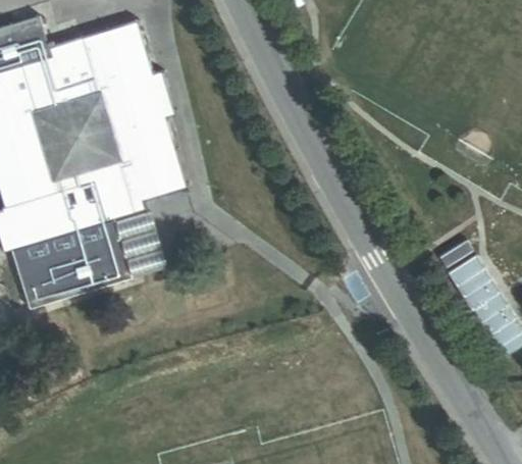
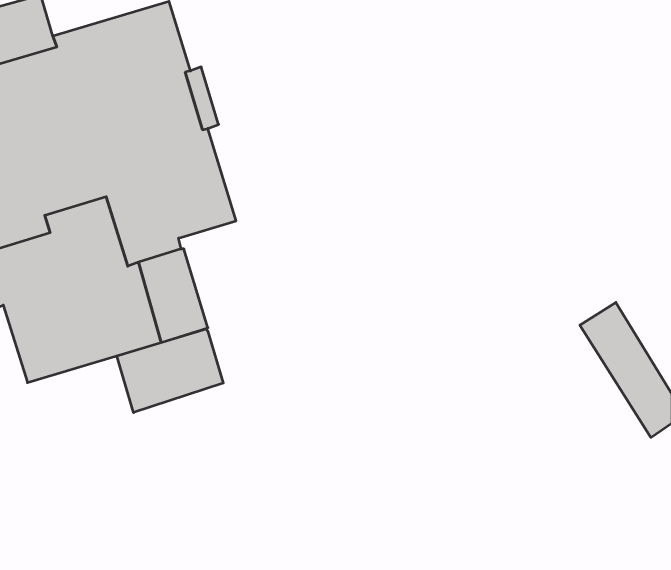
building: none -> [117,329,223,413]

